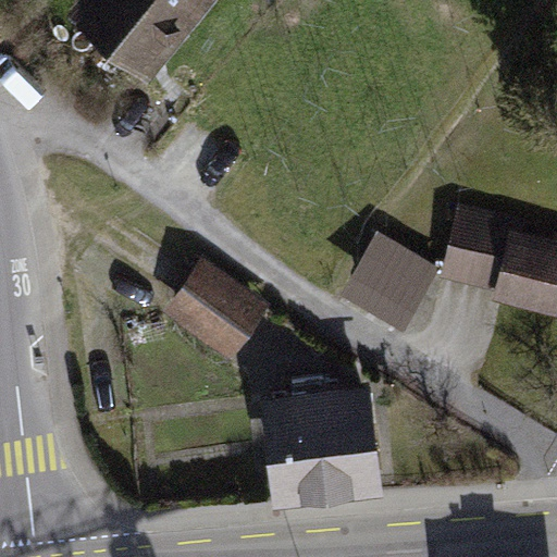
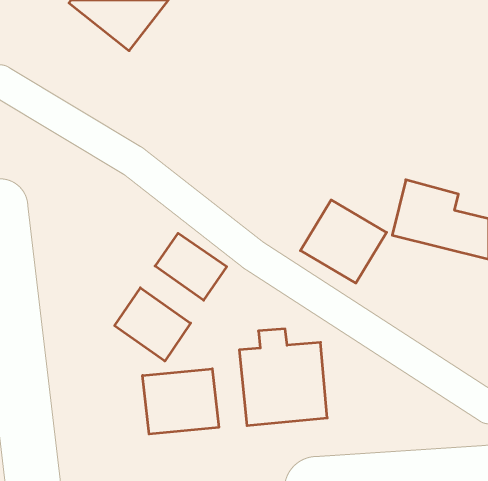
building: none -> [115,288,191,361]
building: none -> [143,369,219,434]

